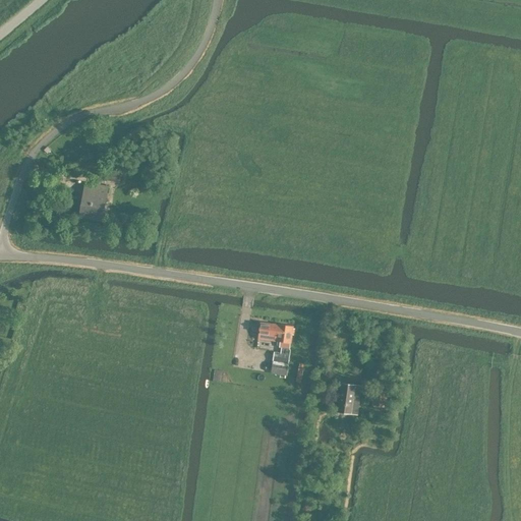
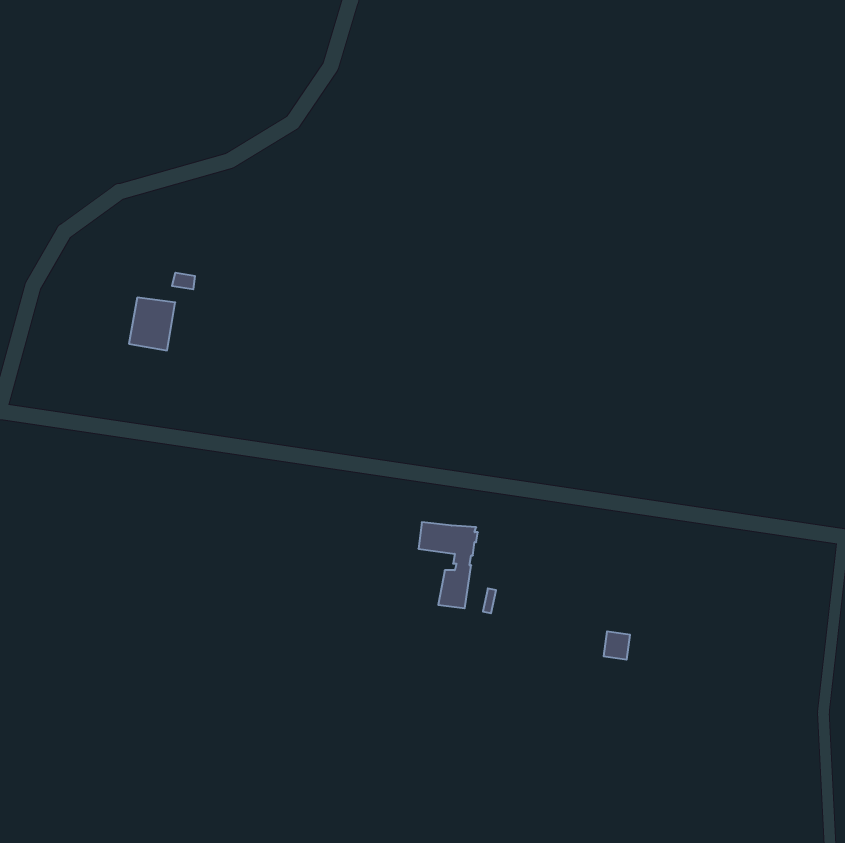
building: [337,383,361,415] -> none

